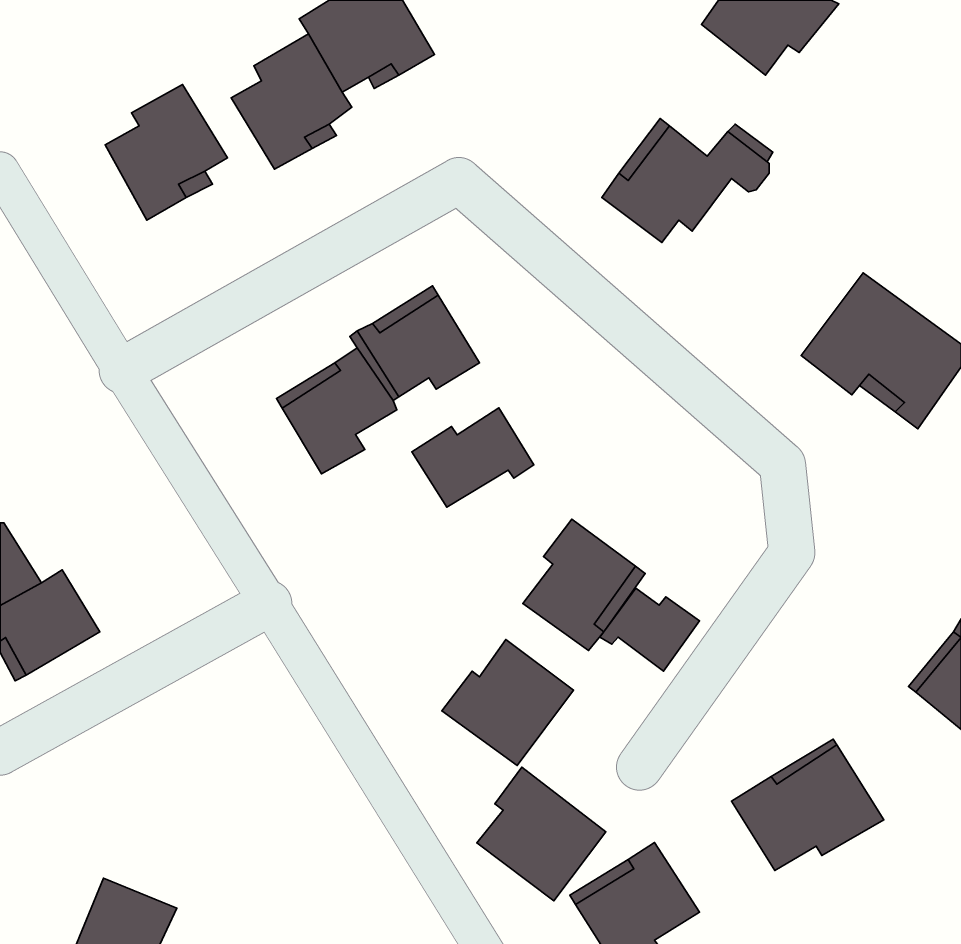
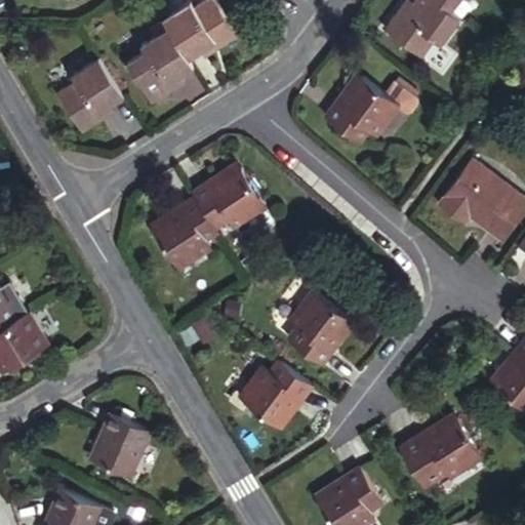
building: [412,408,534,507] -> none
building: [600,588,699,671] -> none
building: none -> [85,410,145,474]
building: [477,767,606,901] -> none

